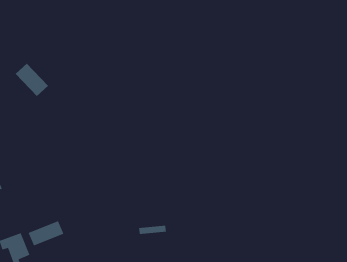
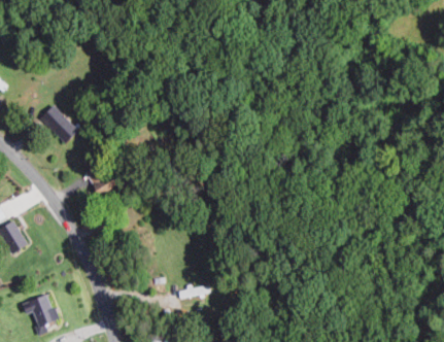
building: [27,220,64,247] -> none

